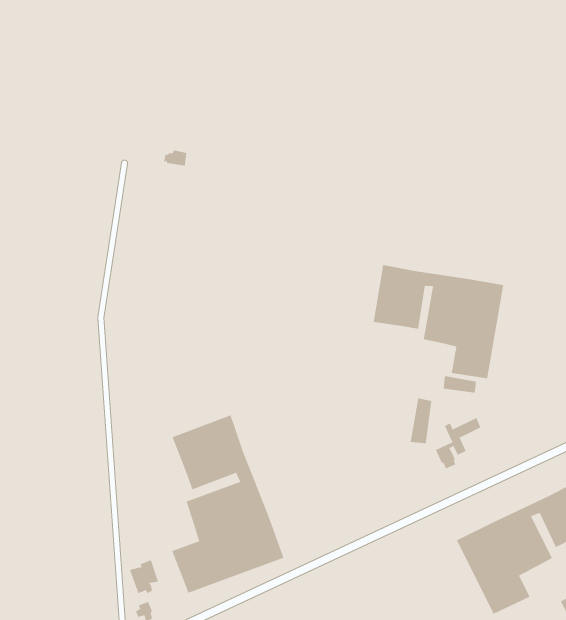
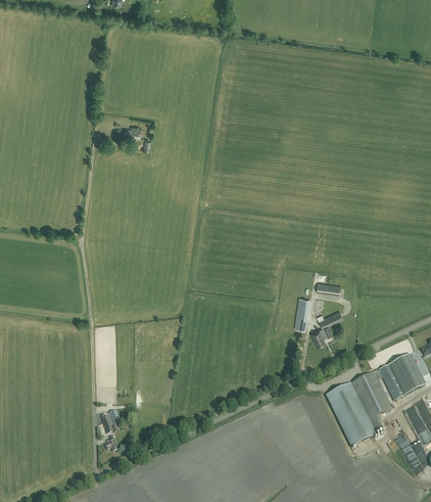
building: [373,264,504,379] -> none
building: [172,414,284,593] -> none

